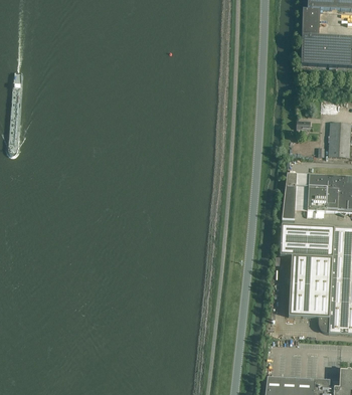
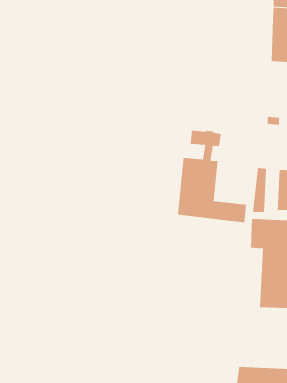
building: none -> [177,130,247,223]

